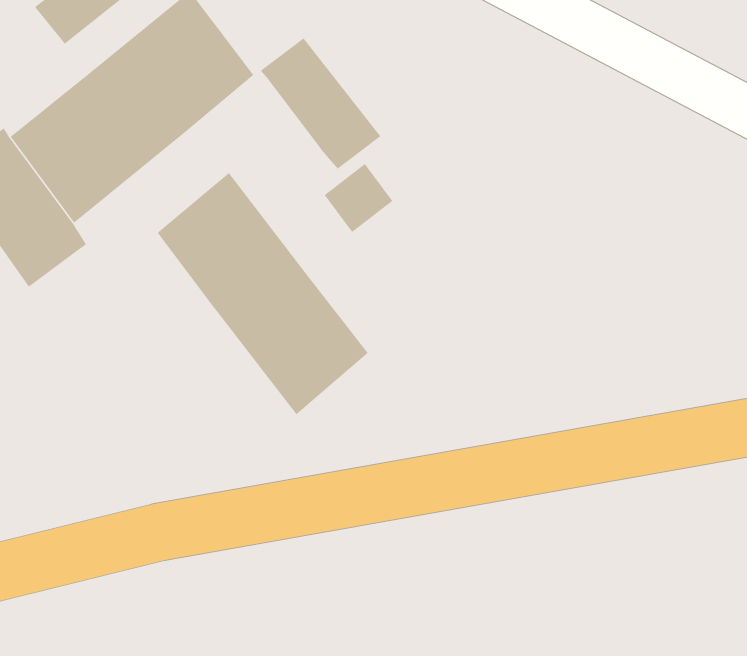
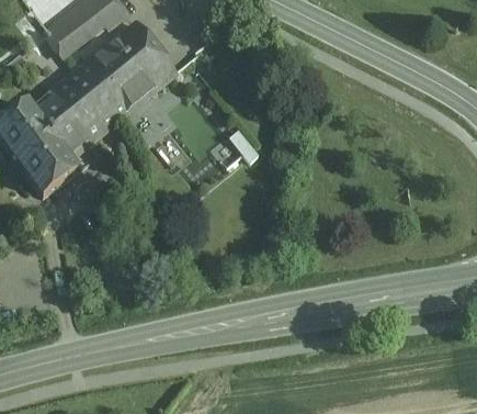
building: [260,37,381,169] -> none
building: [157,172,369,415] -> none

